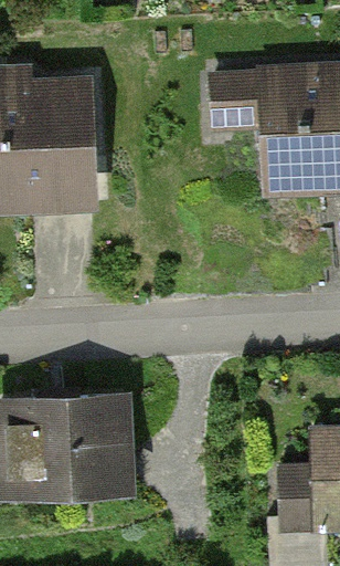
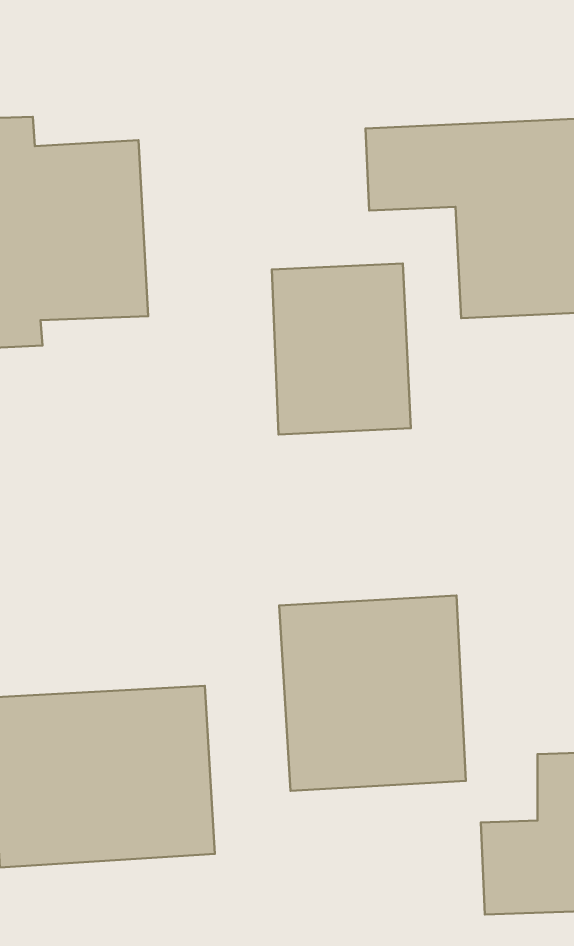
building: none -> [272,263,411,434]
building: none -> [279,595,466,791]

